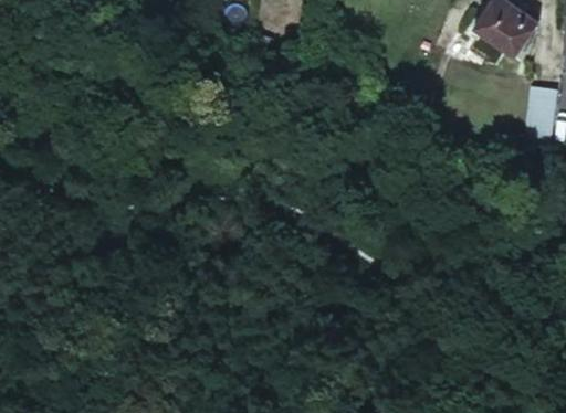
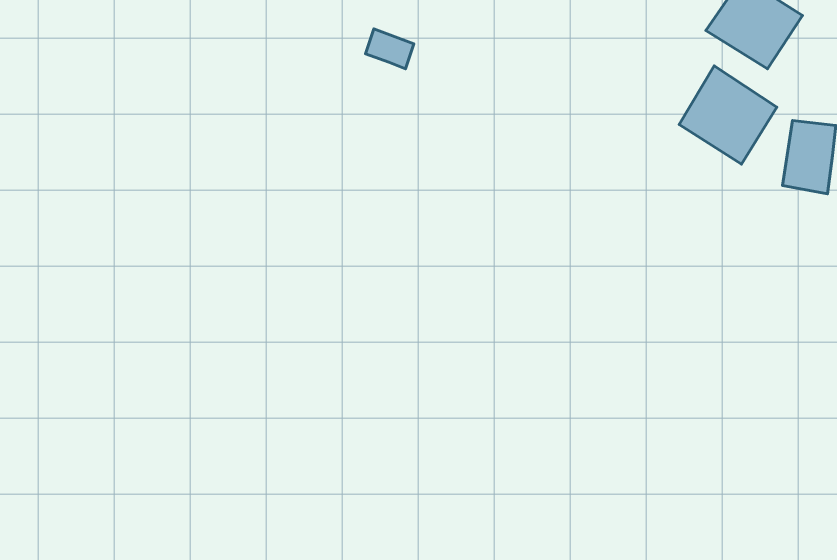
building: none -> [679,66,777,164]

